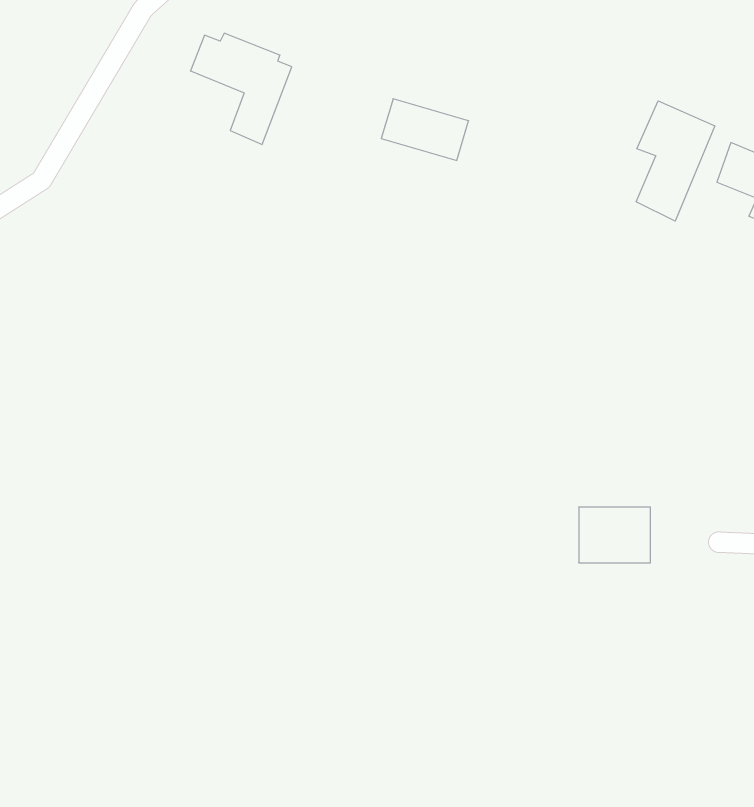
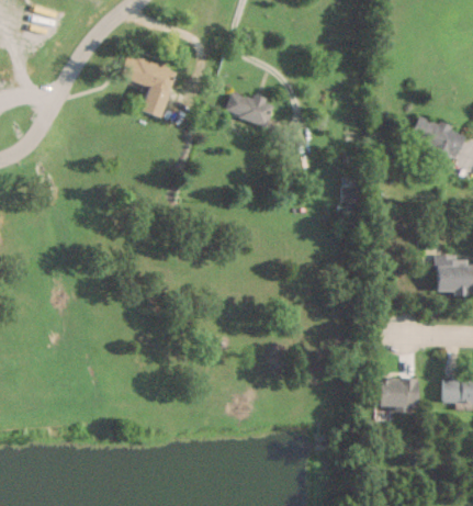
building: [636,101,715,221] -> none
building: [579,507,650,563] -> [379,380,418,411]

